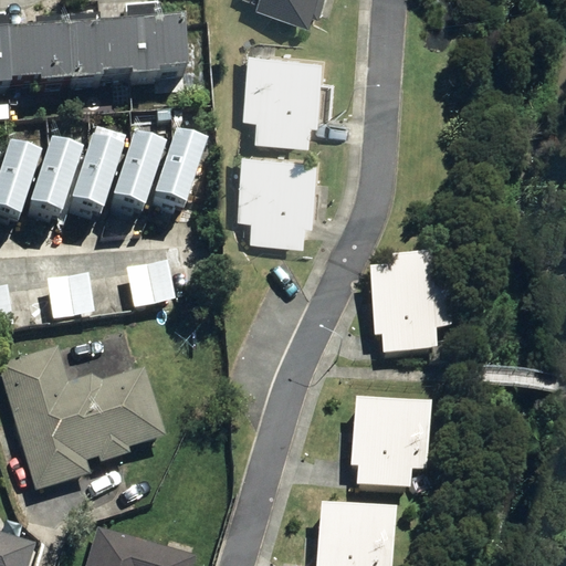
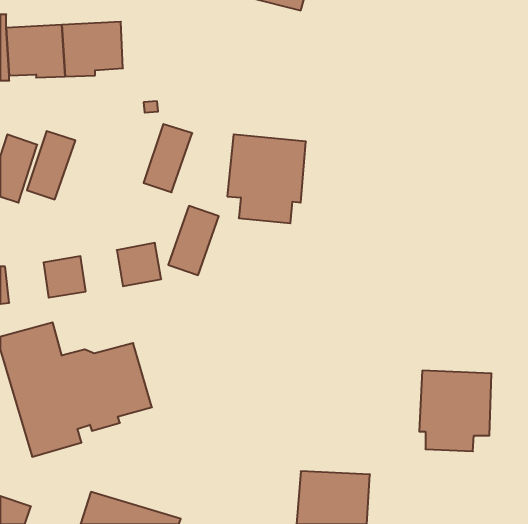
building: [128,4,186,77] -> none
building: [249,44,333,138] -> none
building: [111,135,165,209] -> [168,206,219,275]
building: [71,137,122,210] -> none
building: [359,262,439,360] -> none
building: [352,399,429,485] -> [419,371,492,451]

